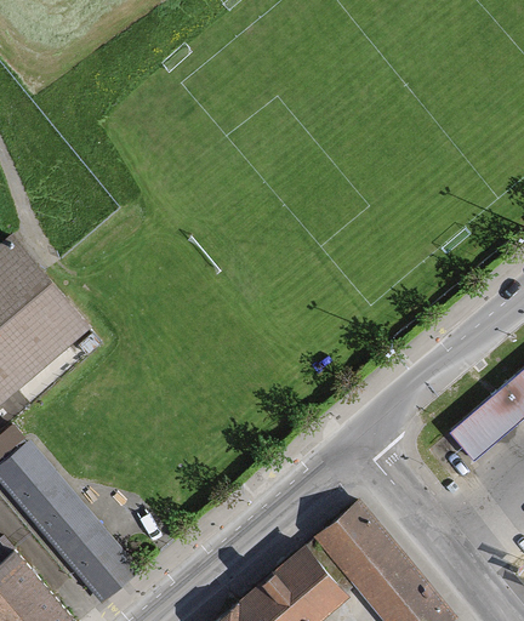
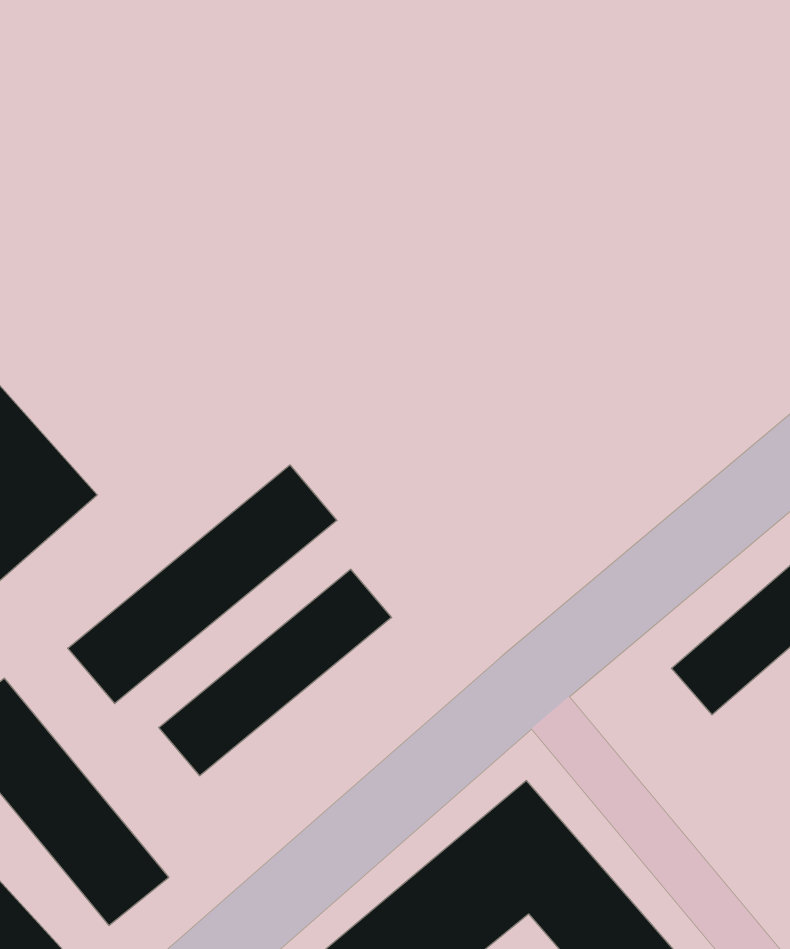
building: none -> [68,465,337,704]
building: none -> [159,569,392,776]

